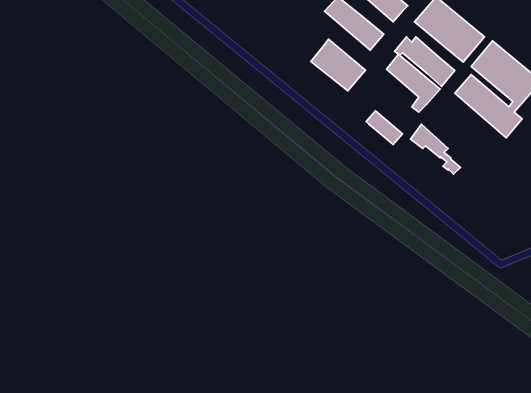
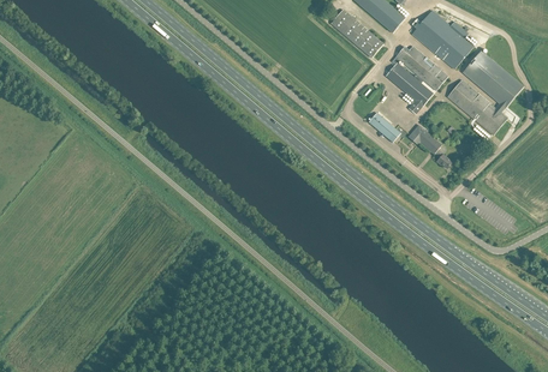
building: [311,39,365,91] -> none

